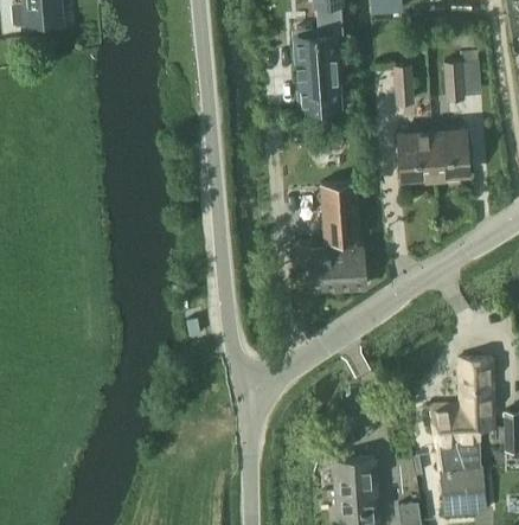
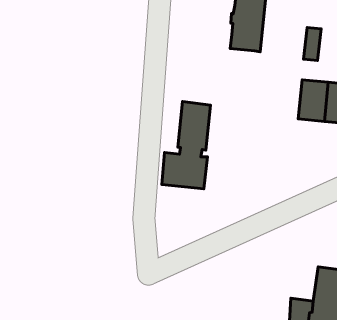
building: [308,184,365,293] -> [162,101,210,189]

